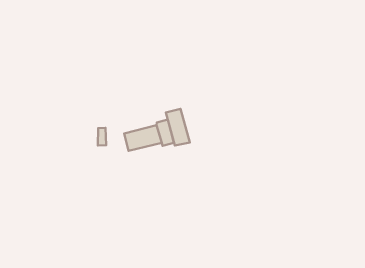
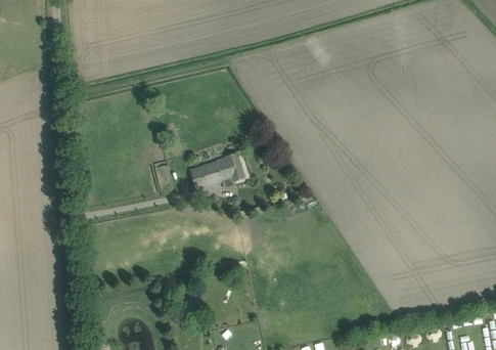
building: [166,109,190,146] -> none

